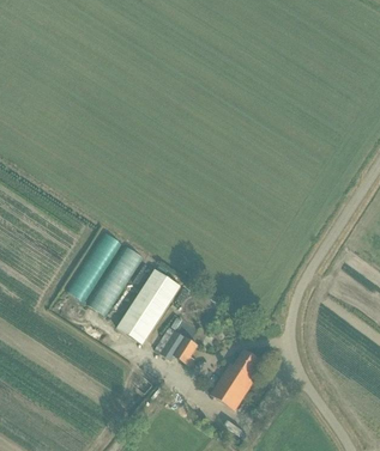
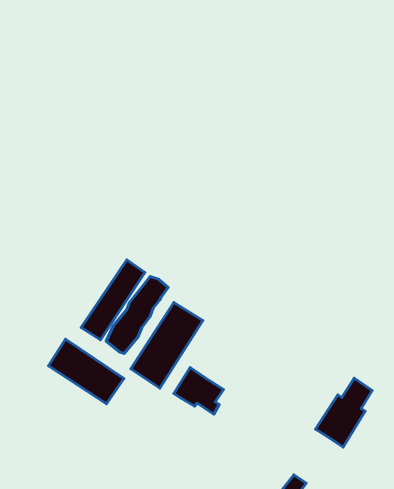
building: none -> [49,339,124,404]
building: [210,348,259,408] -> [316,378,372,447]

